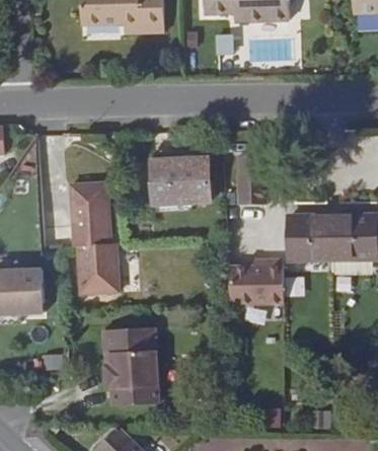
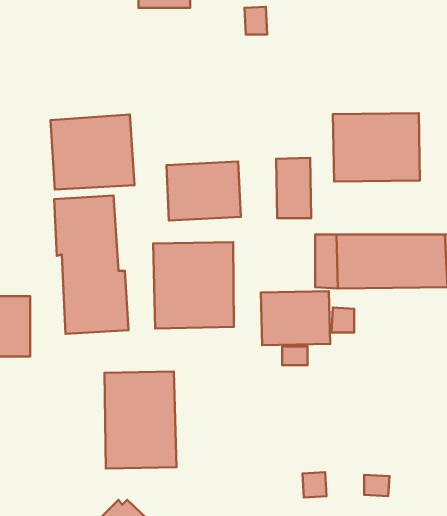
building: none -> [333,113,420,181]
building: none -> [50,115,134,190]
building: none -> [153,242,234,328]

